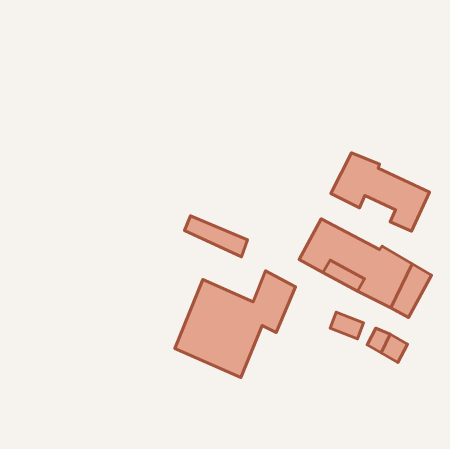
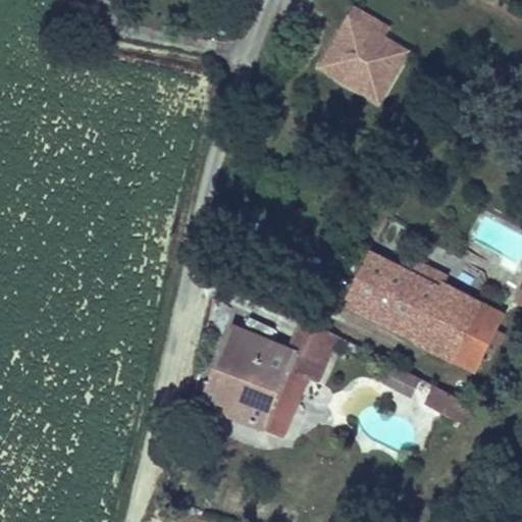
building: none -> [319,17,408,112]
building: [331,153,429,231] -> none
building: [184,216,247,257] -> none

